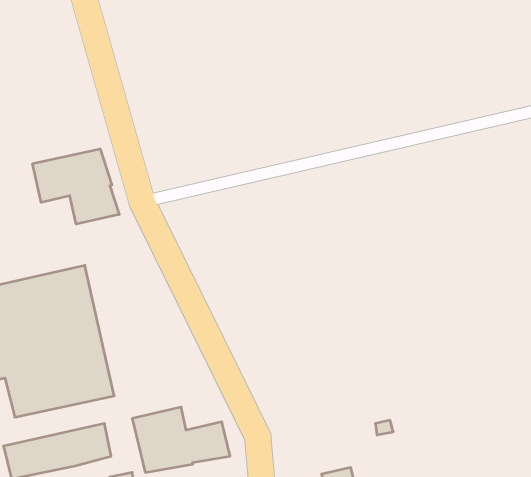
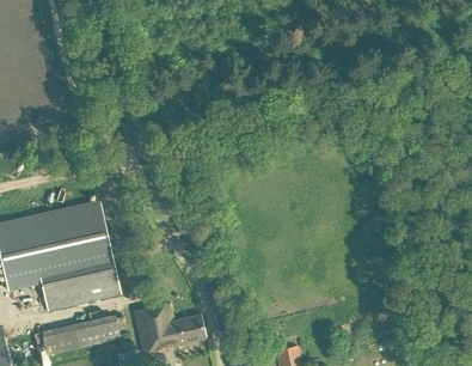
building: [33,149,119,224] -> none

